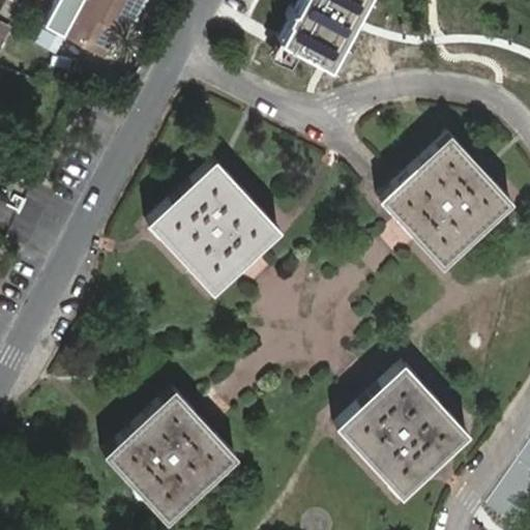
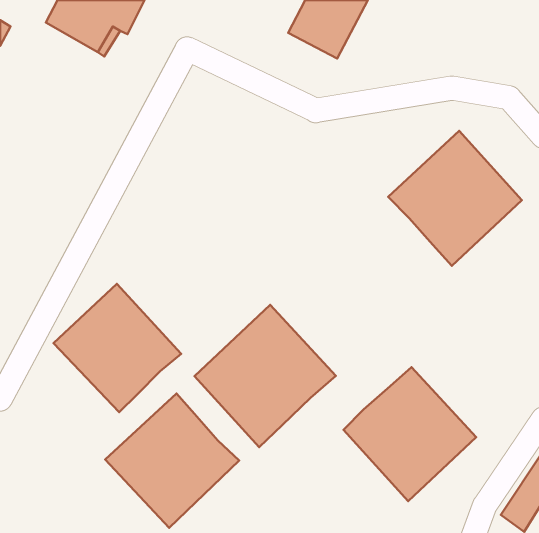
building: [151,165,281,294] -> none
building: none -> [54,284,181,412]
building: none -> [195,305,336,447]

